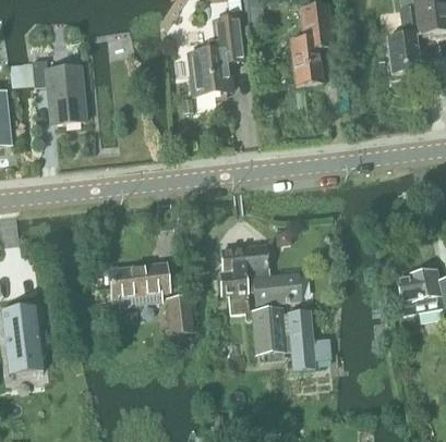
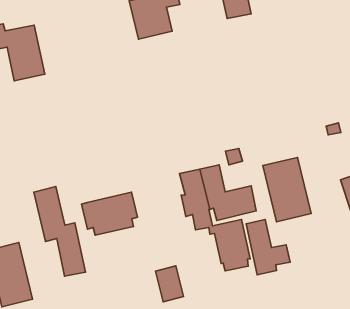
building: none -> [263,157,311,222]
building: none -> [34,187,85,276]
building: [167,295,194,333] -> [156,266,183,302]

